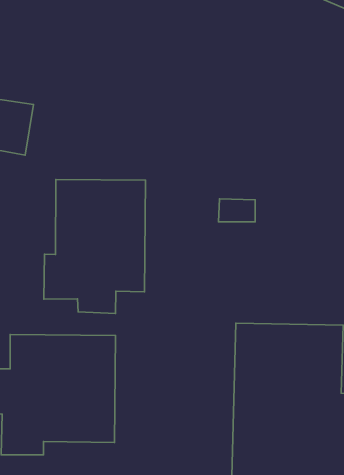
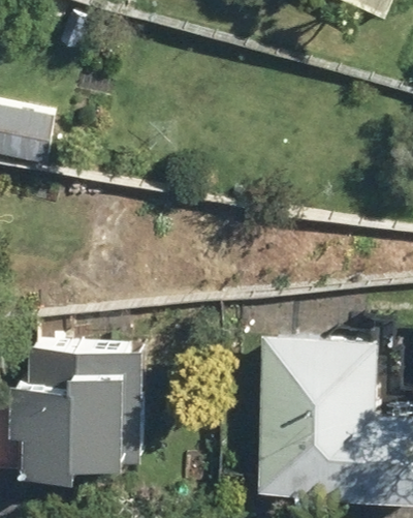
building: [44,179,146,314] -> none

